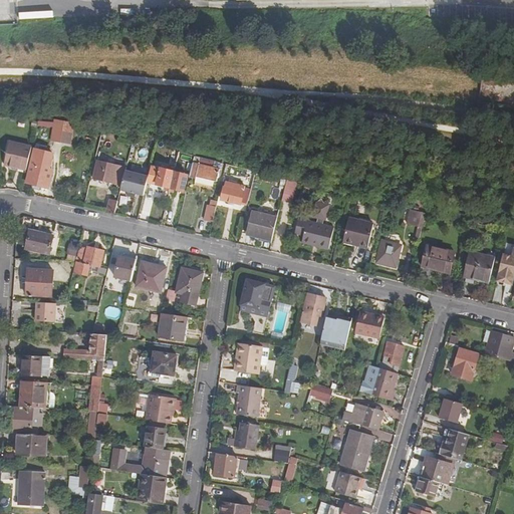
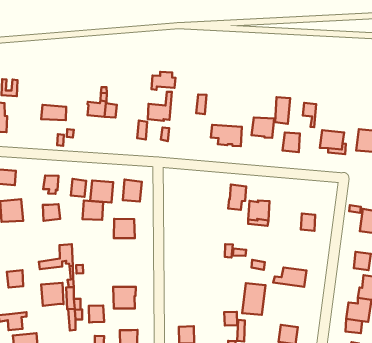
building: [188,159,219,181] -> [151,72,176,90]
building: [120,172,148,195] -> none
building: none -> [275,97,290,124]
building: [246,211,275,240] -> none
building: [240,280,275,332] -> none
building: none -> [82,200,103,220]
building: [33,301,54,321] -> [43,204,60,221]
building: [354,312,383,338] -> none
building: [237,343,268,372] -> none
building: [150,352,175,374] -> none
building: [363,364,397,400] -> none
building: [17,380,45,409] -> [41,283,63,306]
building: [235,383,261,417] -> none
building: [233,422,258,449] -> none
building: [143,427,163,449] -> [89,305,104,323]
building: [338,430,371,471] -> [242,283,266,315]

